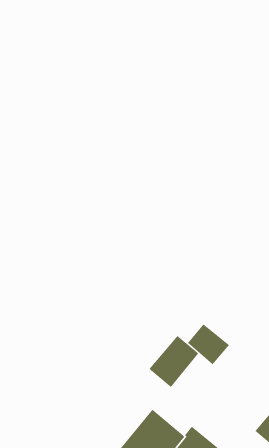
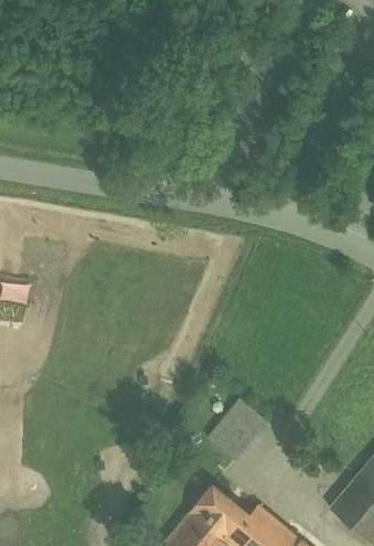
building: [187,324,230,365] -> none

